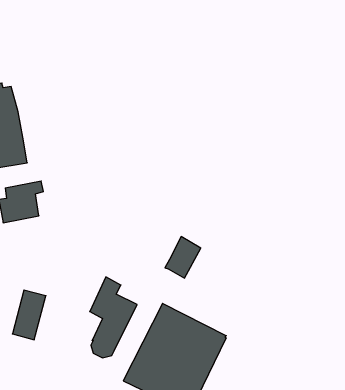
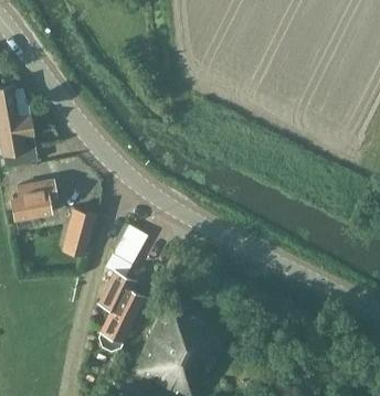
building: [165,237,201,278] -> [113,225,147,265]
building: [12,290,46,340] -> [62,208,94,256]

